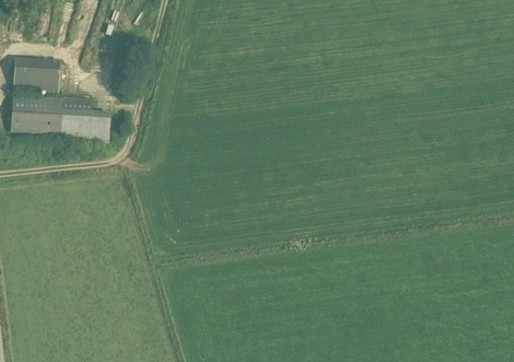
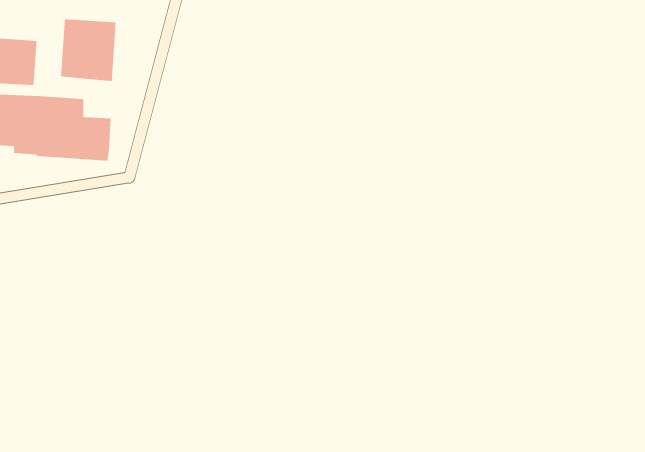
building: none -> [60,19,117,82]

